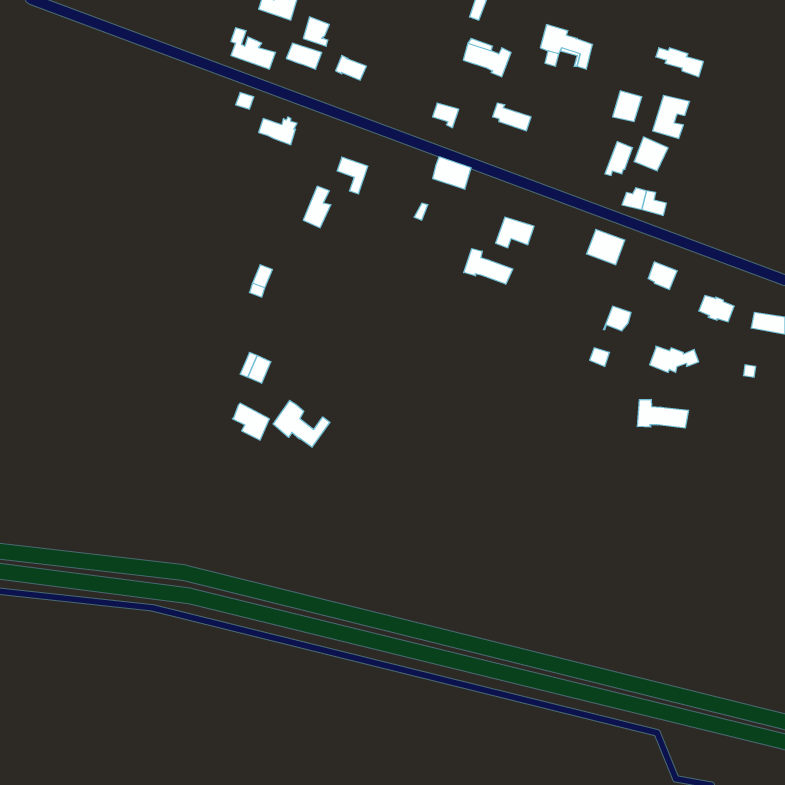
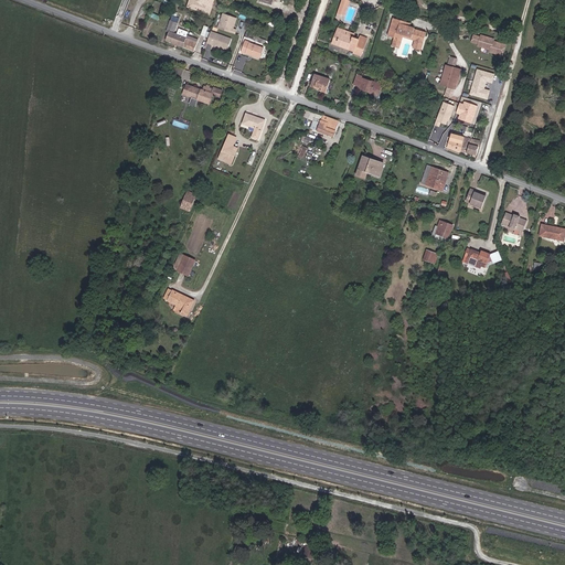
building: [464,249,513,284] -> none
building: [637,399,689,428] -> none
building: [273,400,330,447] -> none

